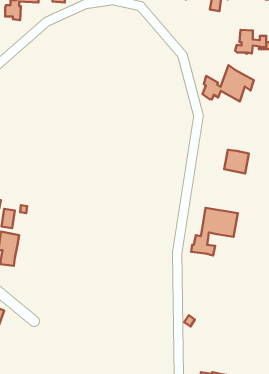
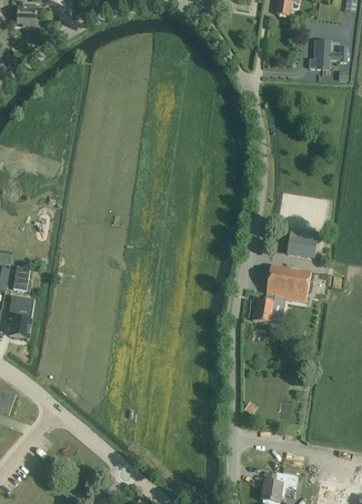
building: [202,65,254,101] -> none
building: [224,150,249,174] -> [286,228,318,258]

